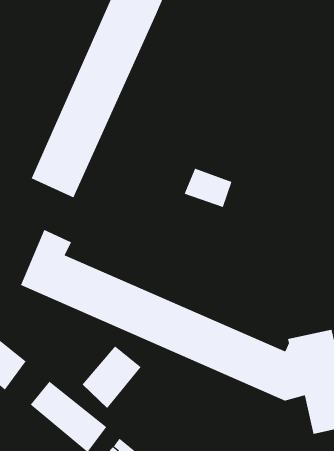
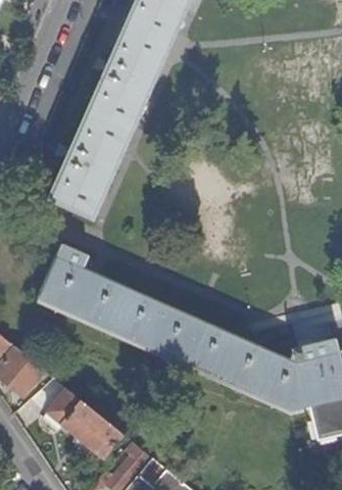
building: [184,168,232,208] -> none
building: [82,345,141,409] -> none

